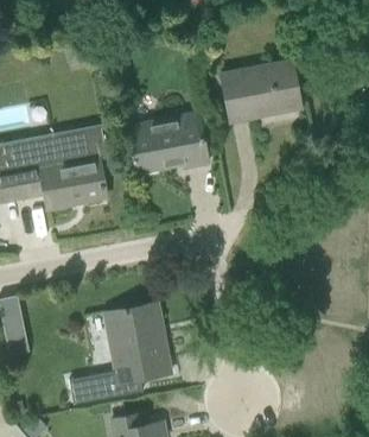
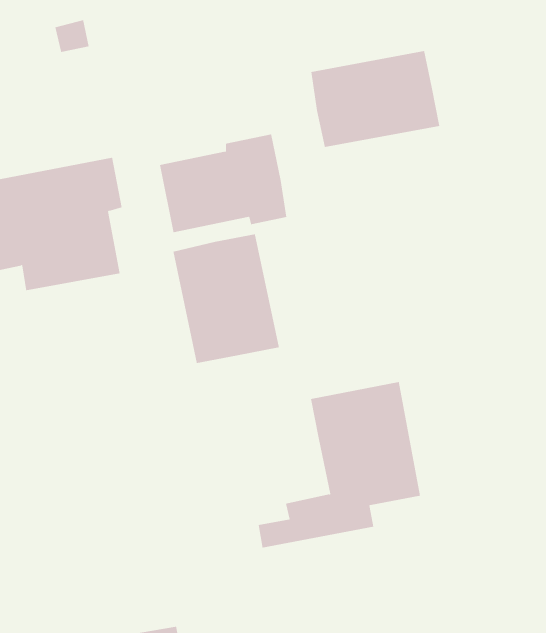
building: none -> [173,234,279,364]
building: [71,303,171,405] -> [258,381,421,548]

